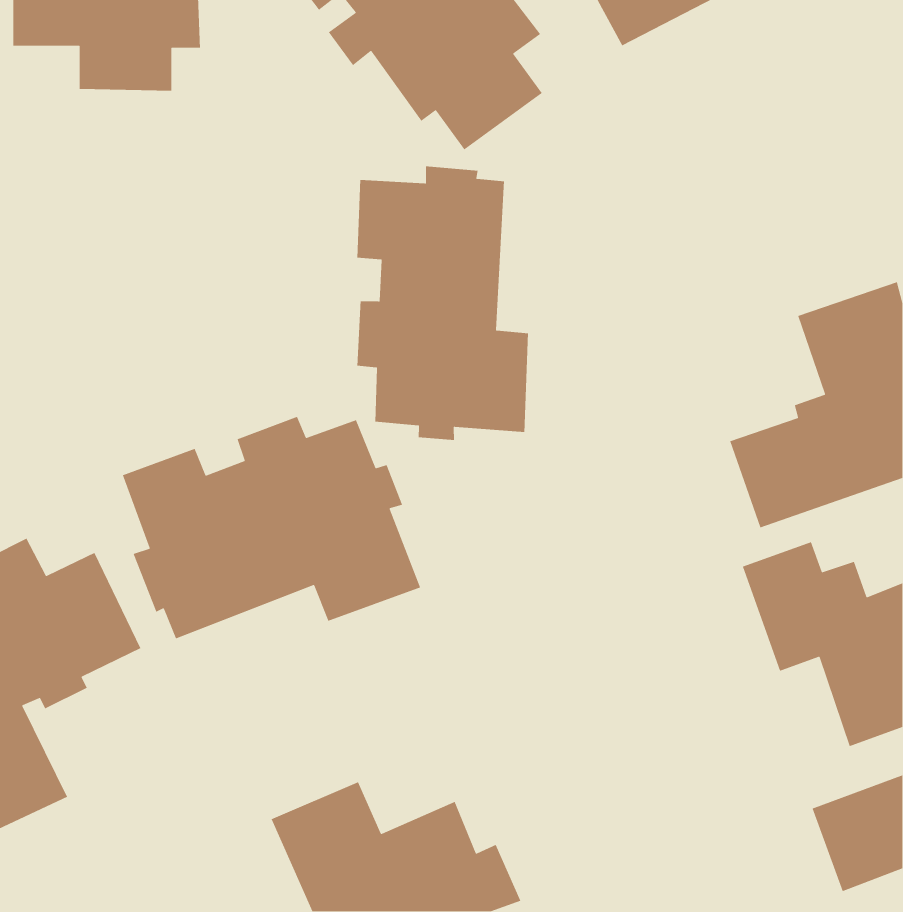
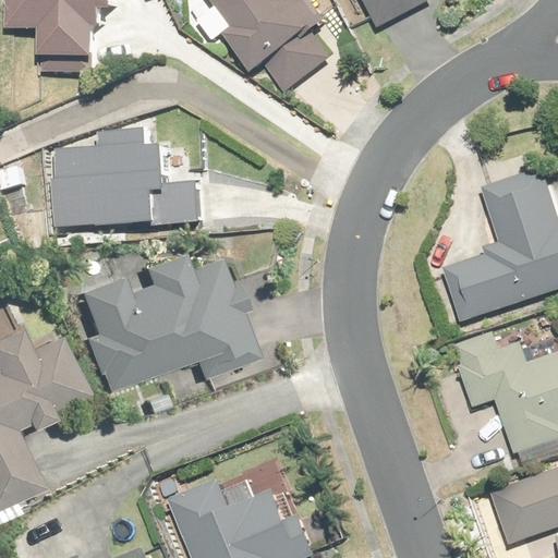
building: [357,166,529,441] -> none
building: none -> [54,131,205,226]

